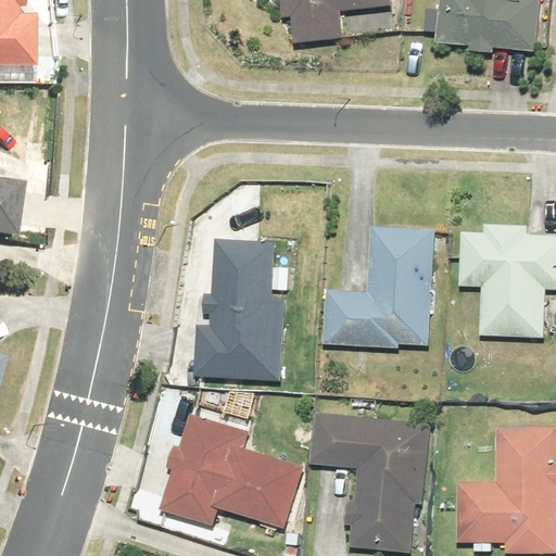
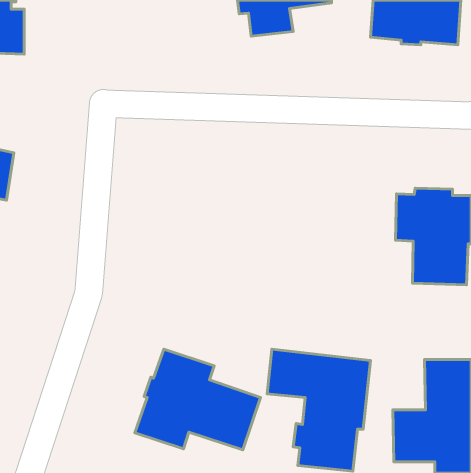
building: [323,226,435,348] -> none
building: [198,240,285,380] -> none

